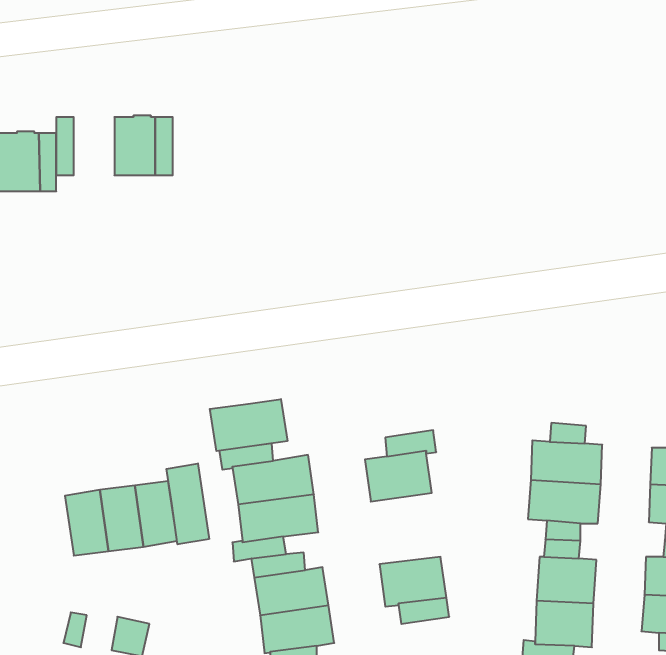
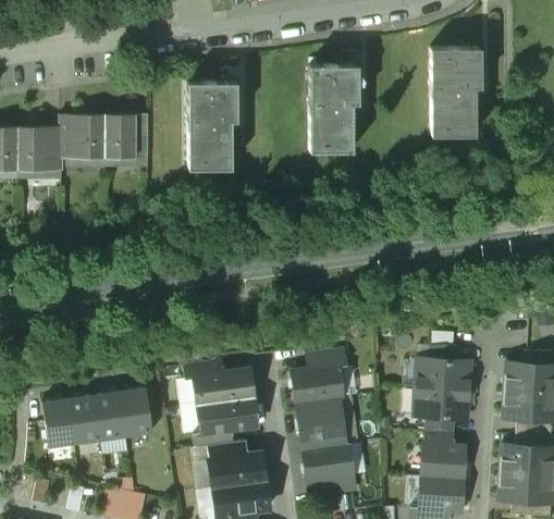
building: none -> [431,48,475,135]
building: none -> [310,66,354,152]
building: none -> [188,83,233,169]
building: none -> [75,114,106,159]
building: [210,399,287,451] -> none
building: [166,463,209,544] -> none
building: none -> [297,396,349,449]
building: none -> [44,398,75,447]

